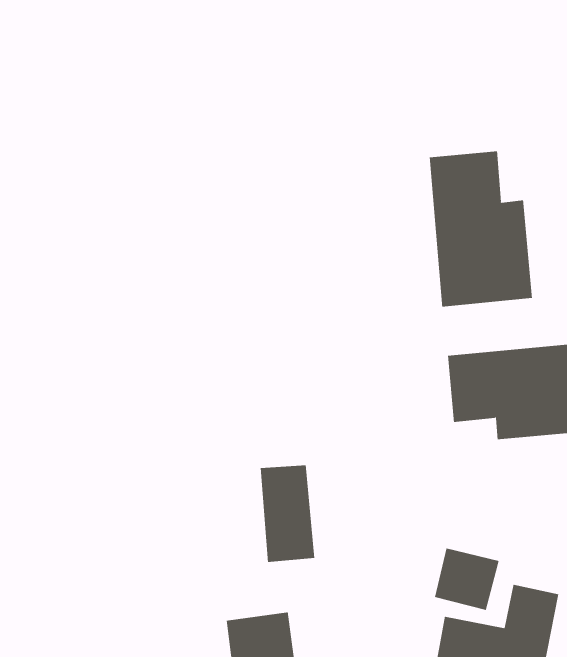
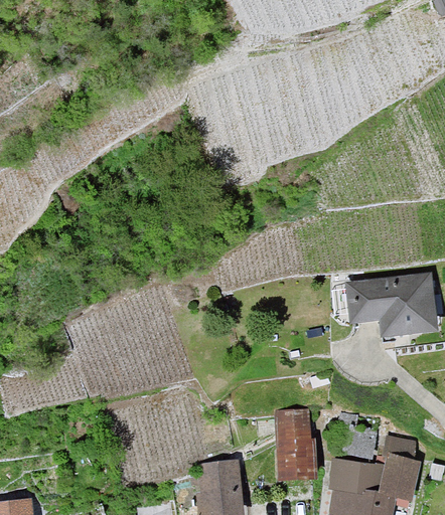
building: [429,151,532,307] -> none
building: [260,465,315,563] -> [274,408,312,476]

